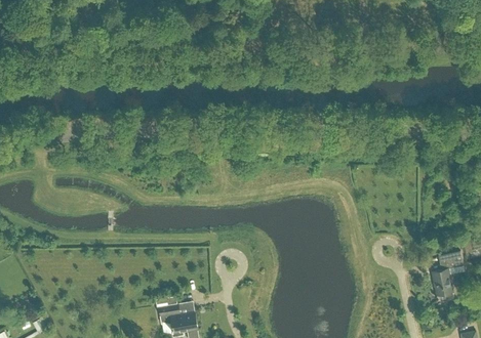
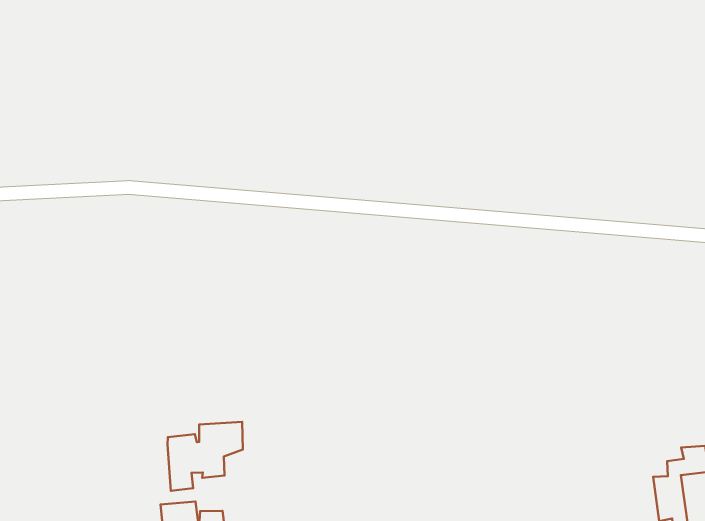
building: none -> [168,422,243,491]

